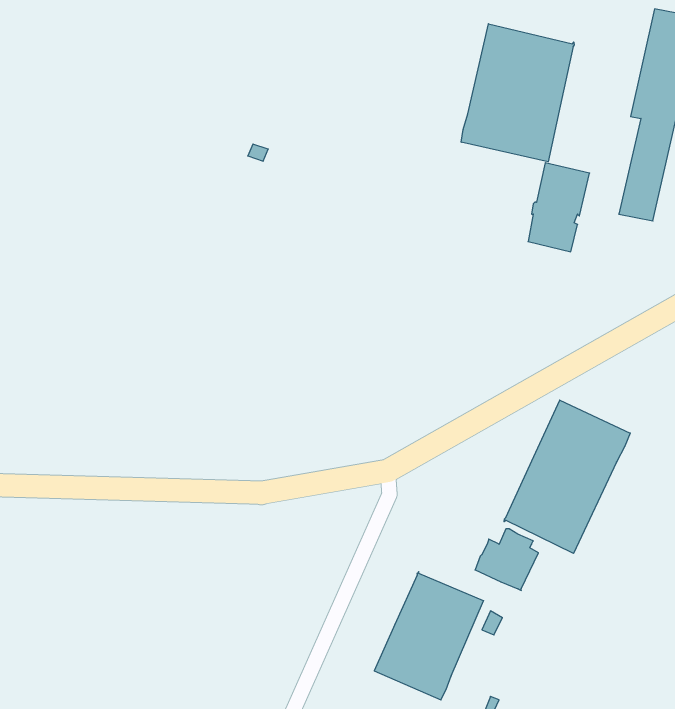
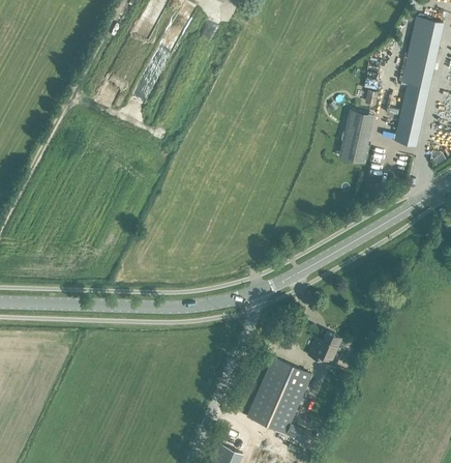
building: [461,24,574,162] -> none
building: [504,400,630,553] -> none

